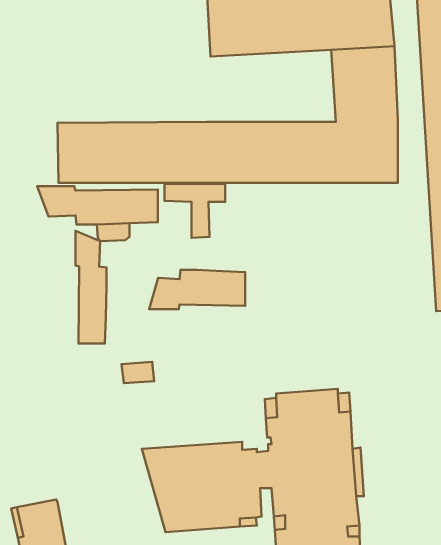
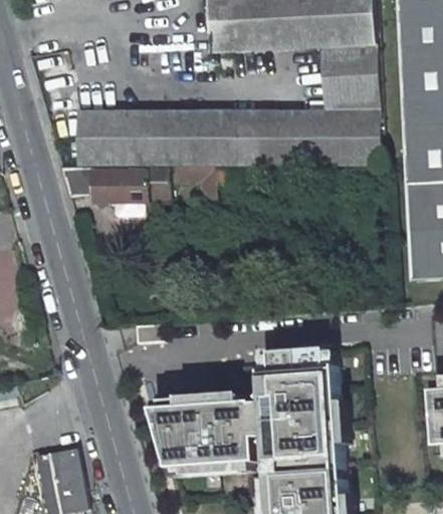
building: [76,231,107,343] -> none
building: [149,270,245,309] -> none

